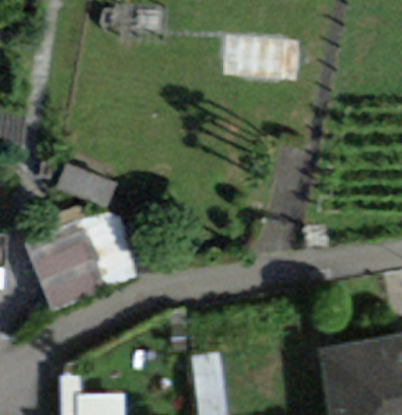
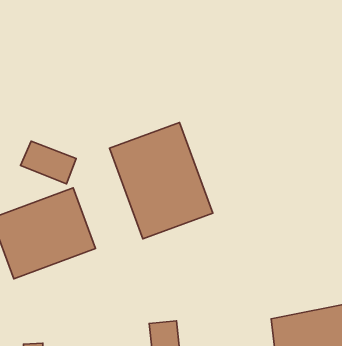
building: none -> [109,122,213,239]

